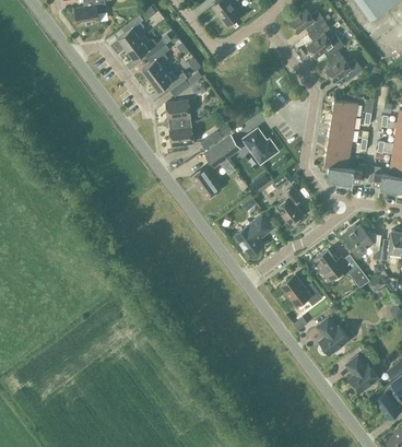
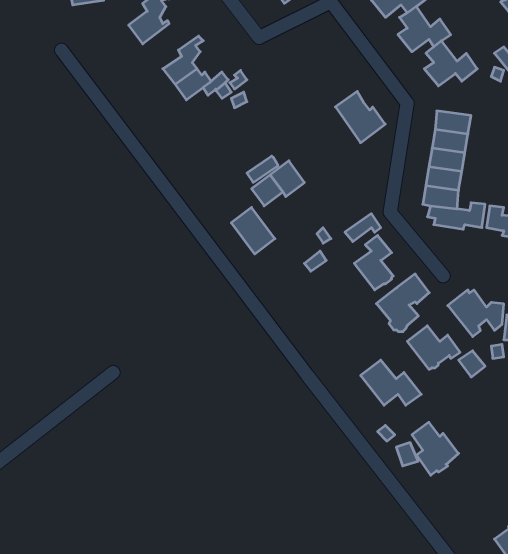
building: [127,38,166,61] -> none
building: [166,102,192,146] -> none
building: [244,128,279,164] -> [335,91,385,143]
building: [234,215,271,256] -> [376,274,429,332]
building: [345,355,378,393] -> none

